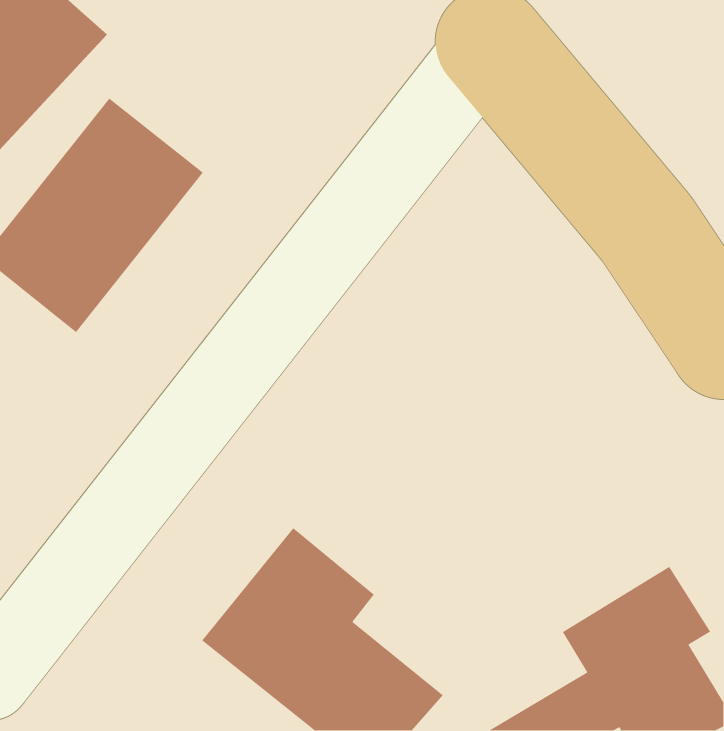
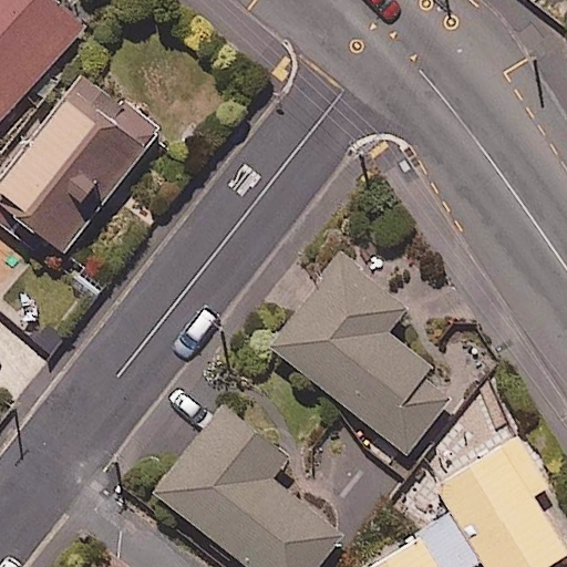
building: none -> [272,258,450,456]

